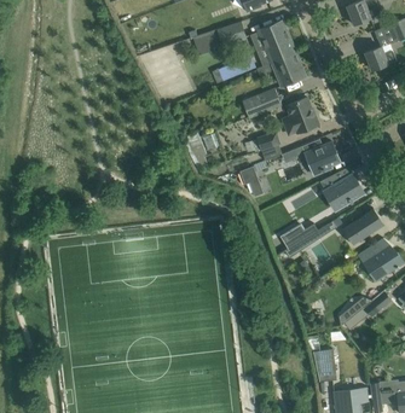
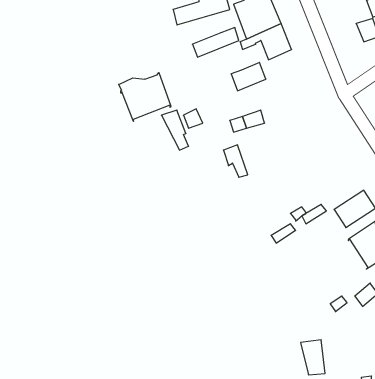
building: [283,98,319,135] -> none
building: none -> [119,73,171,121]
building: [302,139,341,176] -> none
building: [320,171,364,208] -> none

